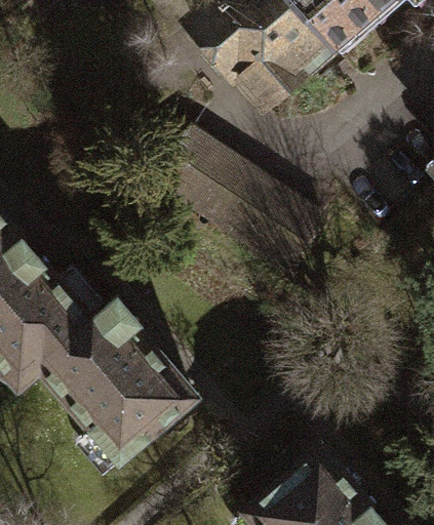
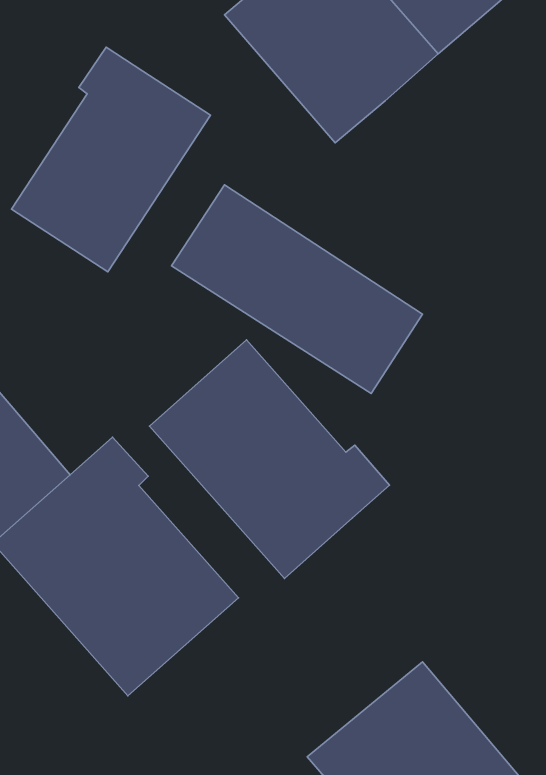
building: none -> [12,47,211,272]
building: none -> [149,340,389,579]

